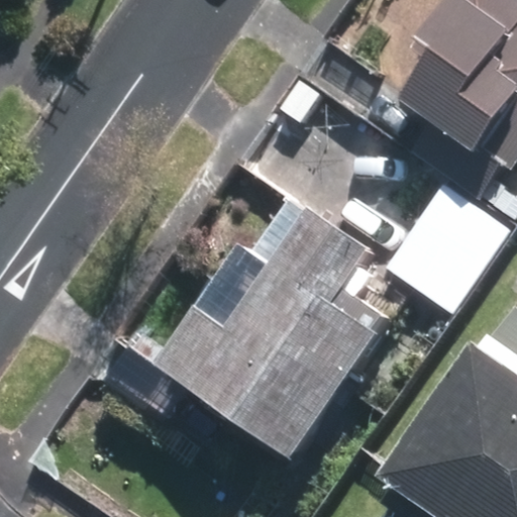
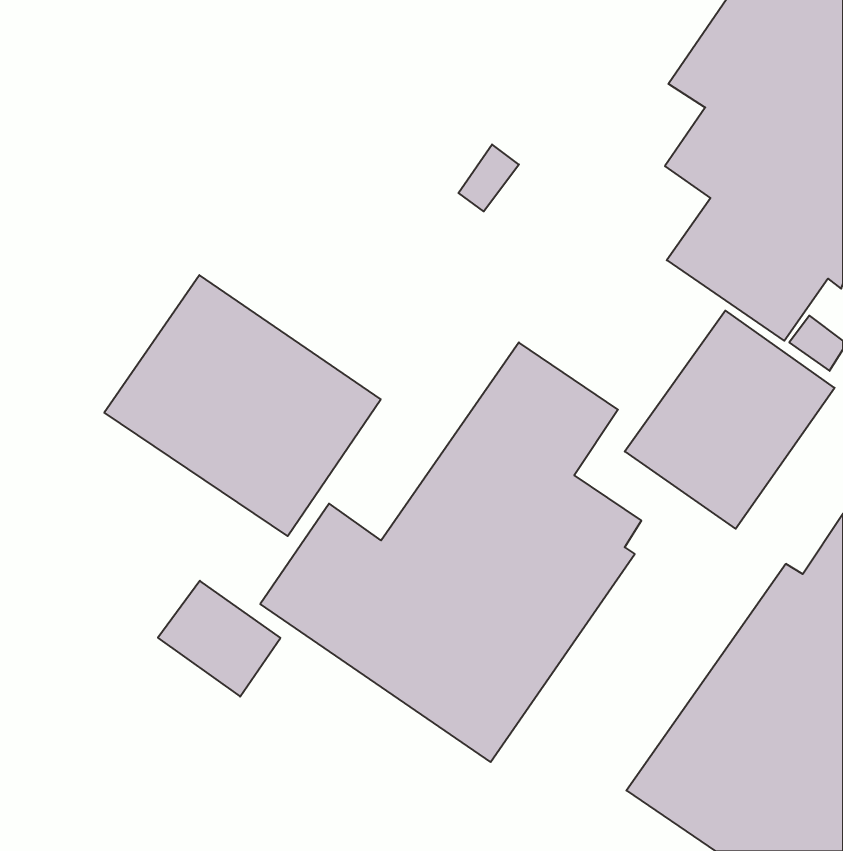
building: none -> [104,275,381,536]

